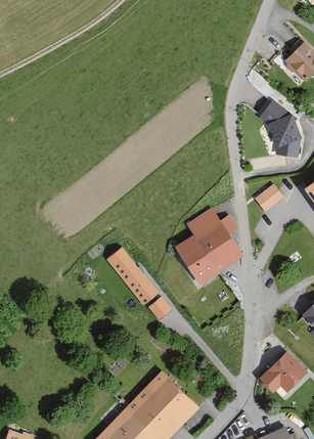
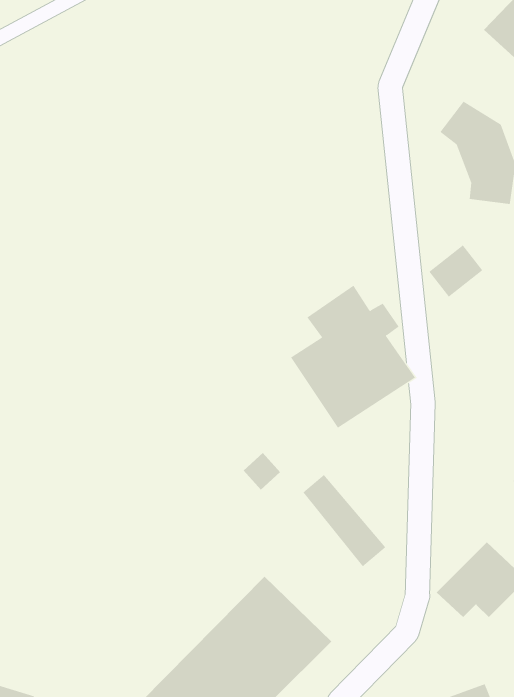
building: [108,252,155,304] -> [302,474,386,567]

